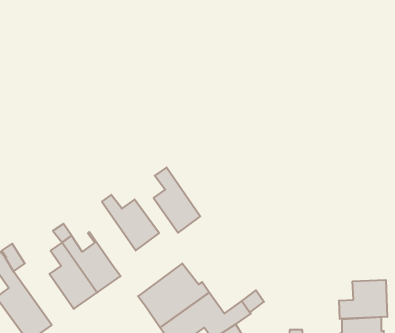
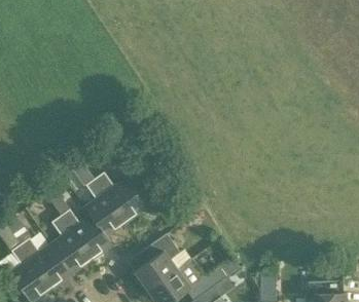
building: [154,167,200,233] -> [85,179,127,236]
building: none -> [22,238,72,288]
building: [339,280,387,319] -> none

